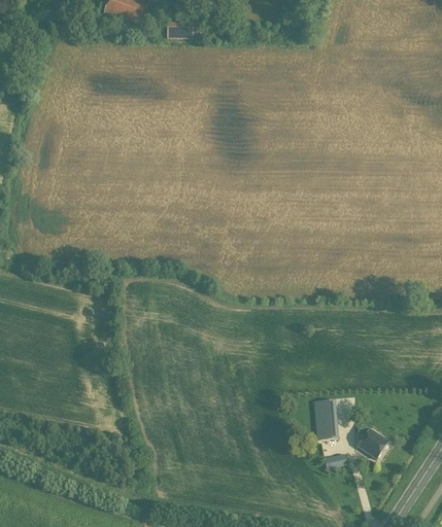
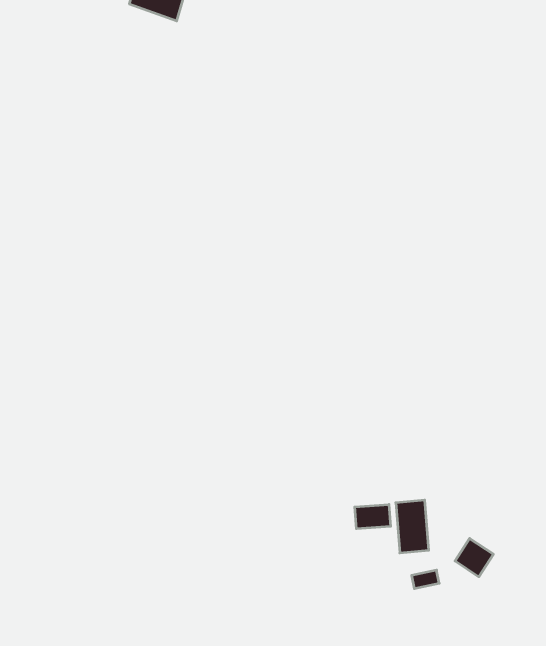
building: none -> [355,504,391,529]

